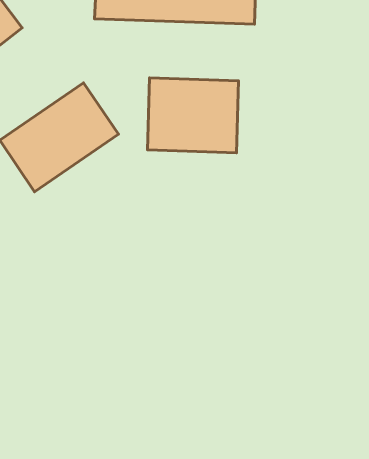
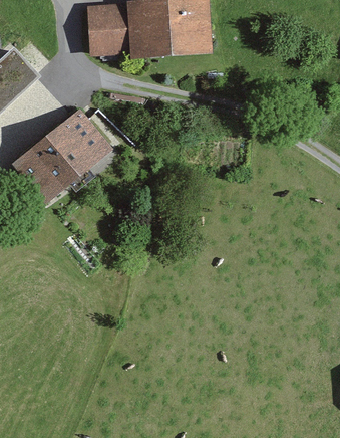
building: [147,78,239,153] -> none

